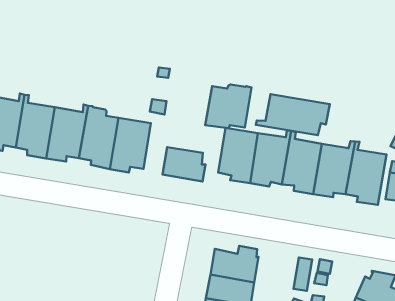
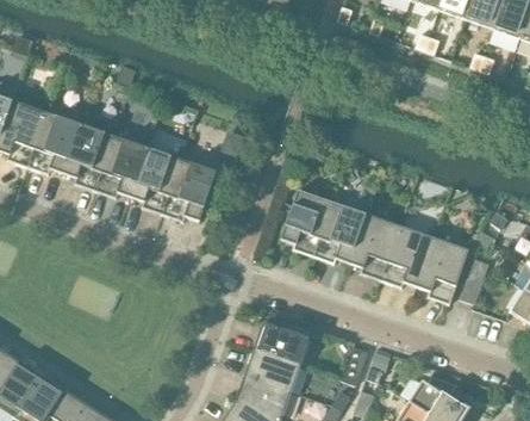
building: [205,84,251,128] -> none
building: [256,94,330,135] -> none
building: [163,147,206,182] -> none

